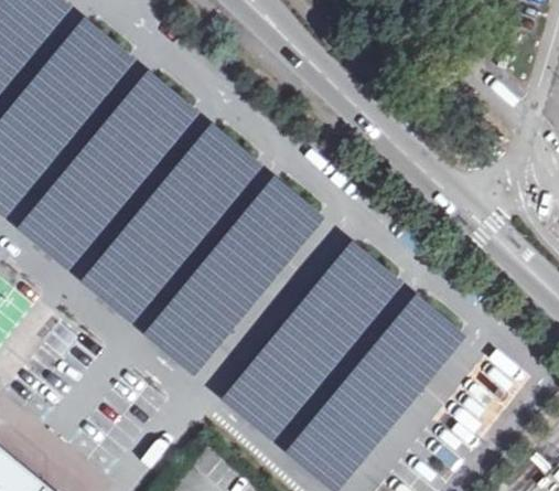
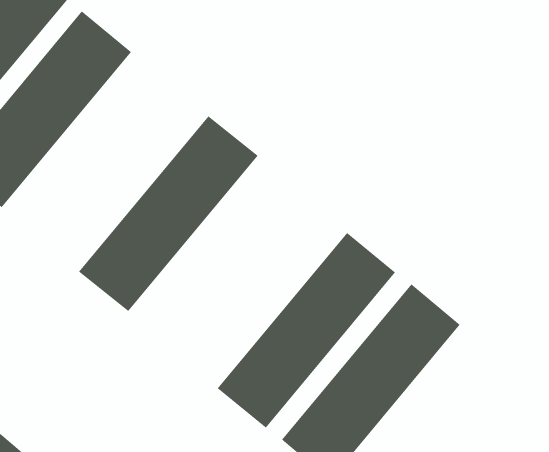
building: [15,70,197,269] -> none
building: [143,178,324,377] -> none

